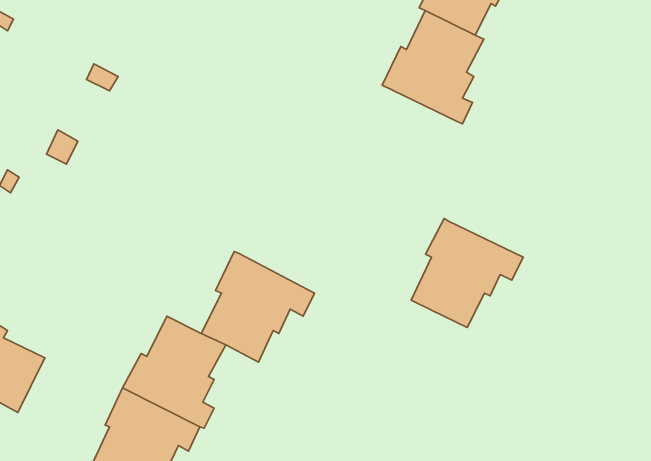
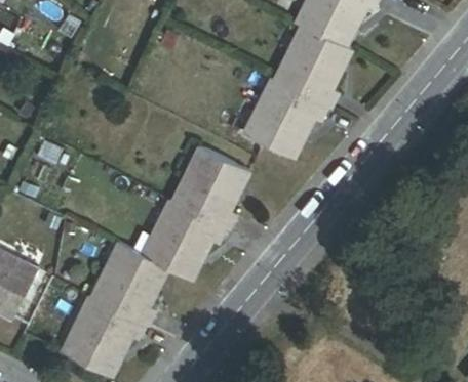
building: none -> [172,147,244,228]
building: [411,218,523,327] -> [248,78,328,156]

